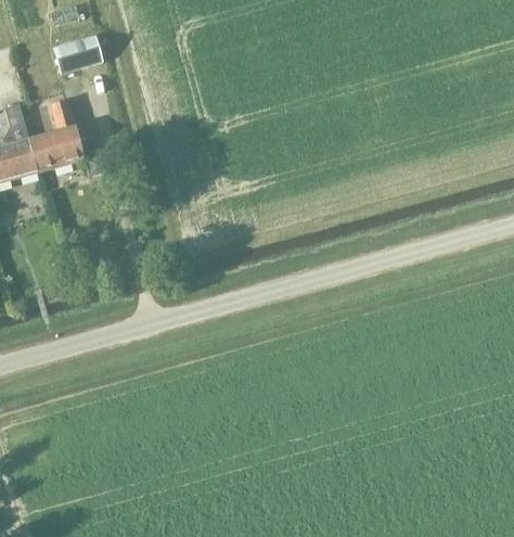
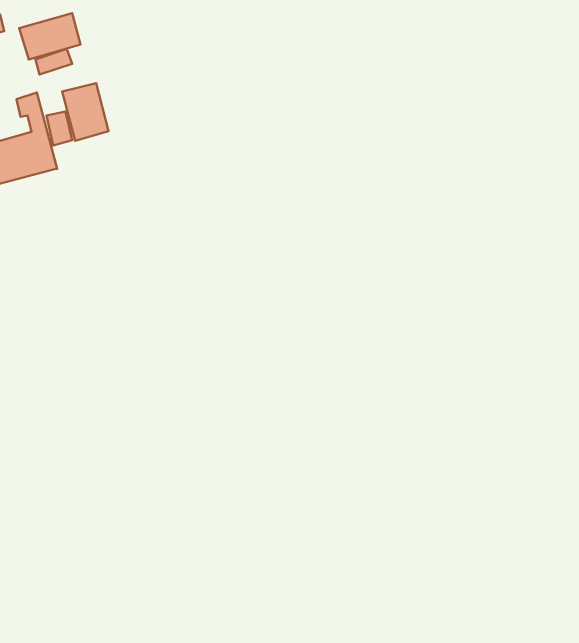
building: none -> [62,83,109,141]

